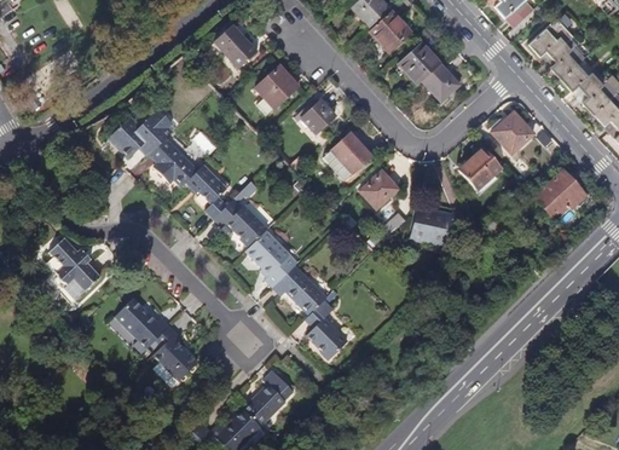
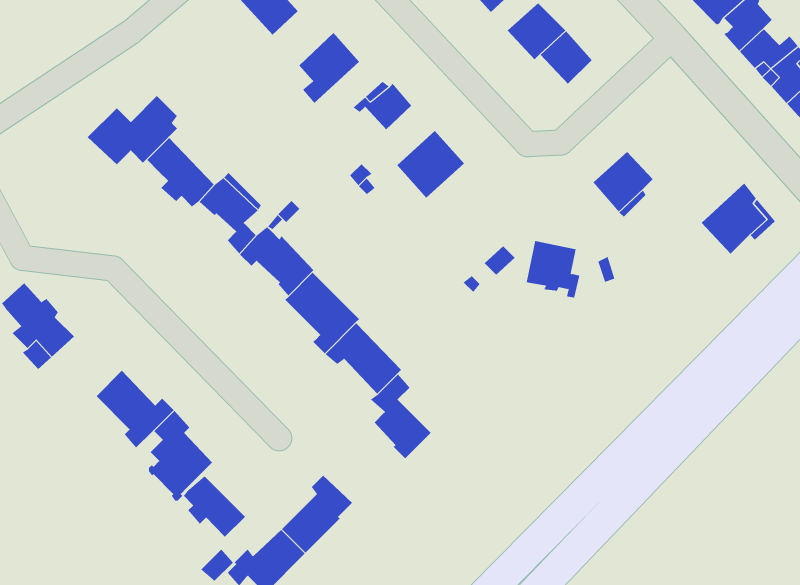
building: [492,111,534,154] -> none
building: [360,172,398,208] -> none
building: none -> [183,475,246,537]

